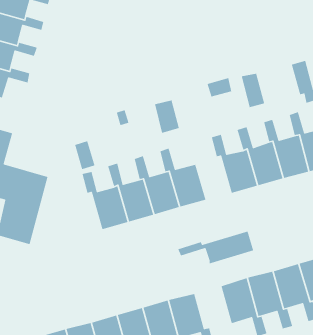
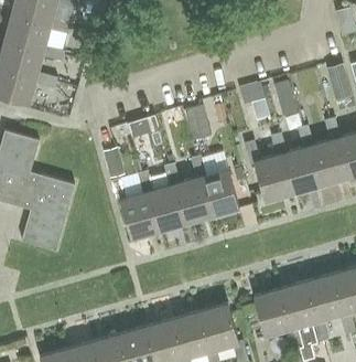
building: [177,231,254,265] -> none

